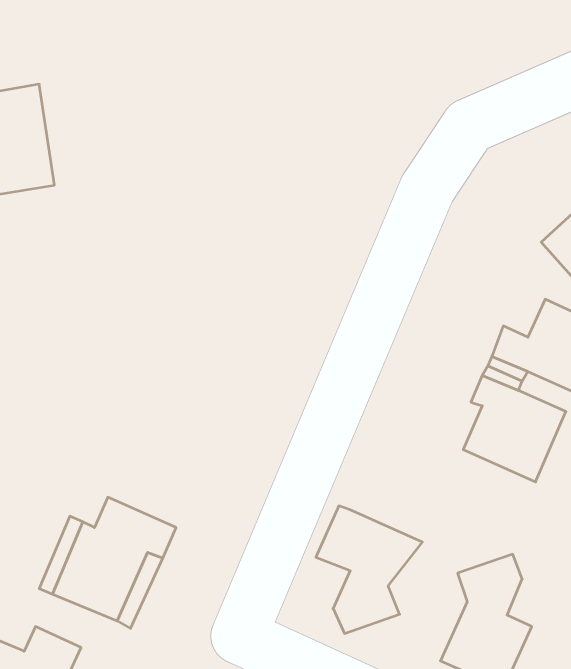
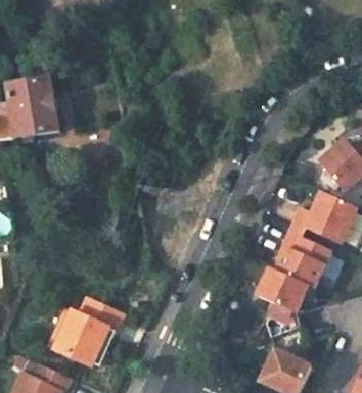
building: [316,506,422,633] -> [257,269,314,338]

